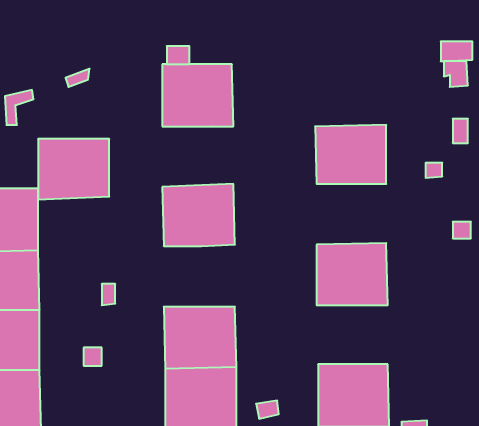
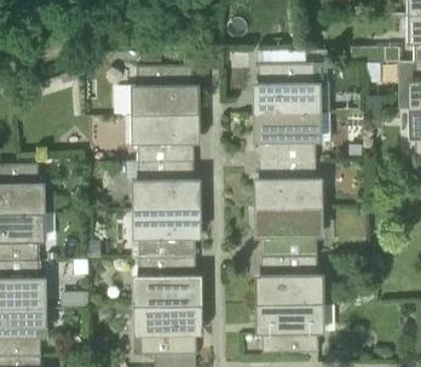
building: none -> [259,63,316,114]
building: [38,139,109,200] -> [137,114,194,162]
building: none -> [260,160,316,208]
building: none -> [138,208,195,258]
building: none -> [260,257,317,304]

